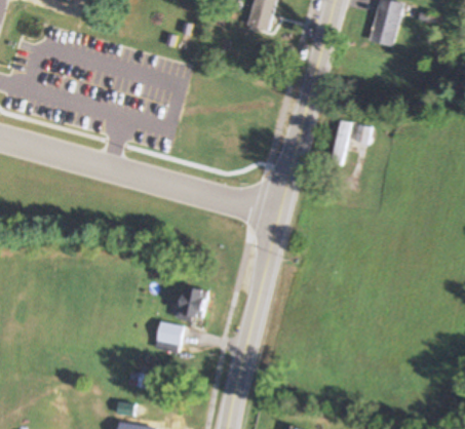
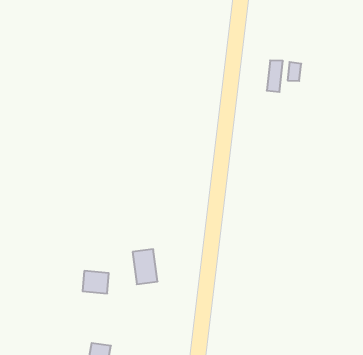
building: [155,320,183,345] -> [83,271,109,293]

